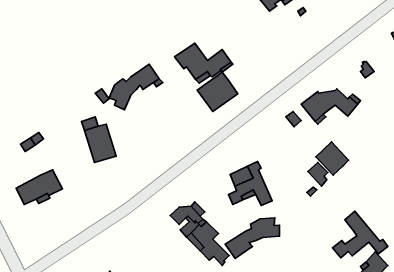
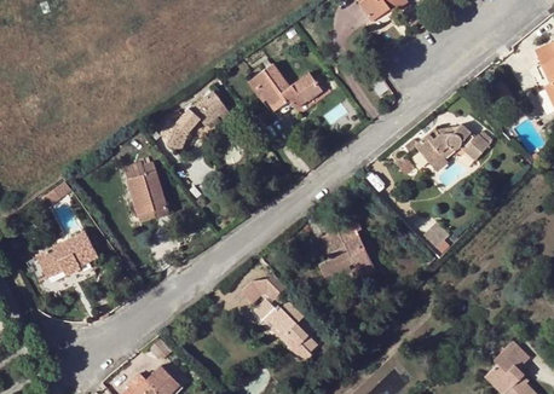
building: [197,72,238,111] -> none
building: [316,142,349,175] -> none
building: [333,211,388,258] -> none
building: [225,218,280,258] -> none

